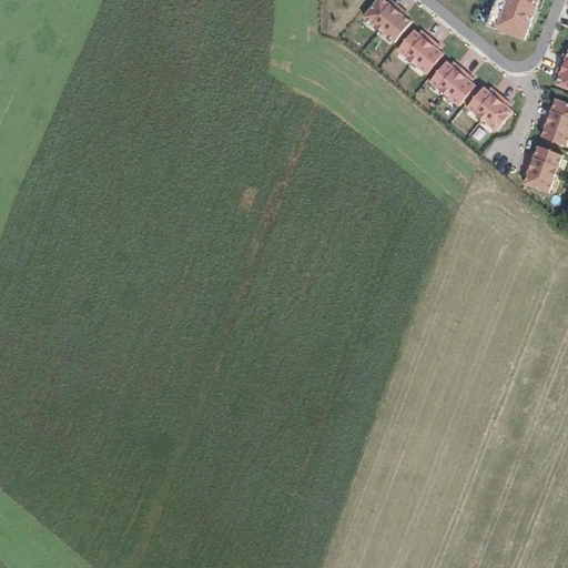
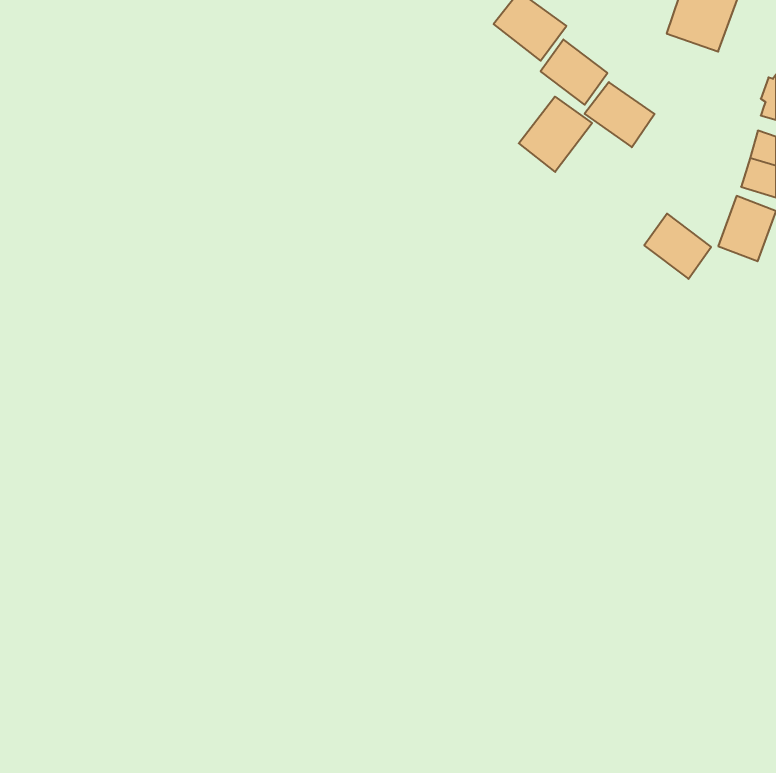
building: none -> [519,97,592,172]
building: [466,85,515,133] -> [644,214,711,279]

